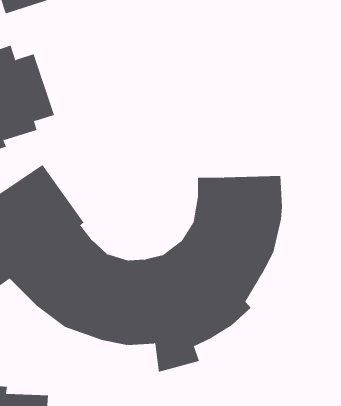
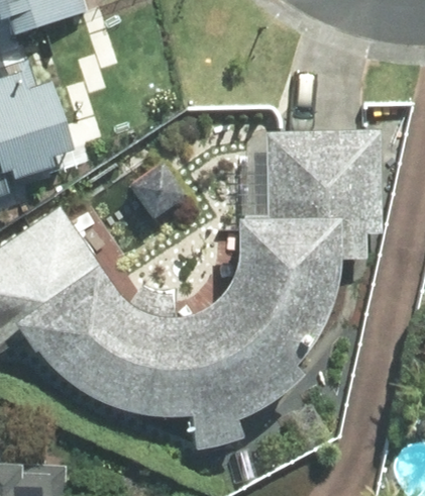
building: none -> [265,126,386,257]

